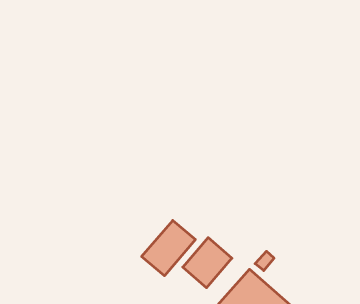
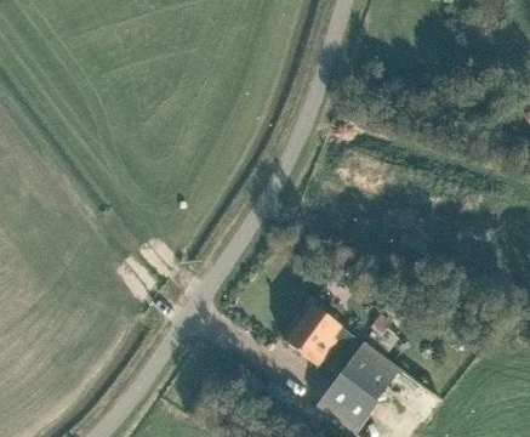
building: [142,220,195,276] -> none

